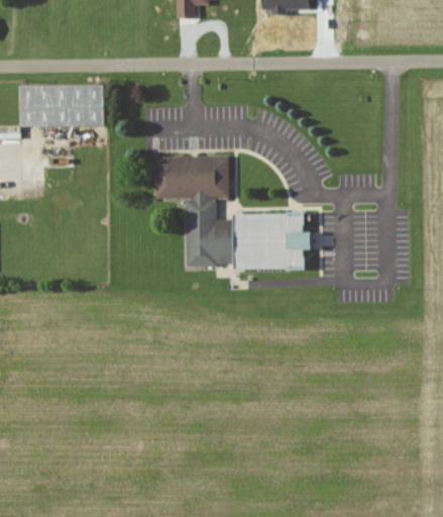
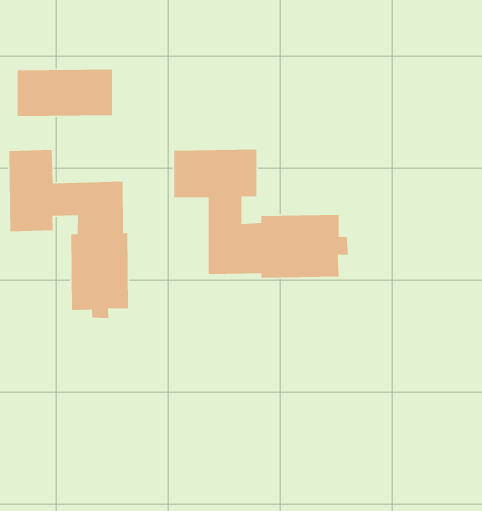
building: none -> [9,149,129,319]

